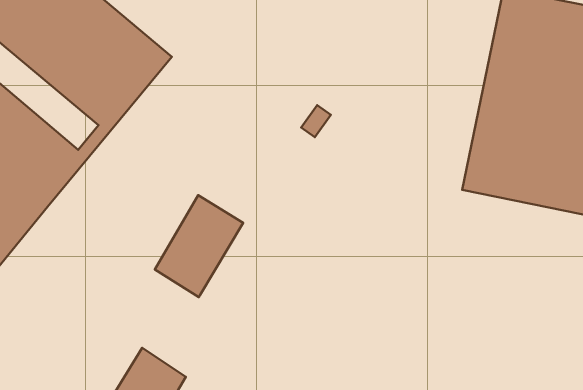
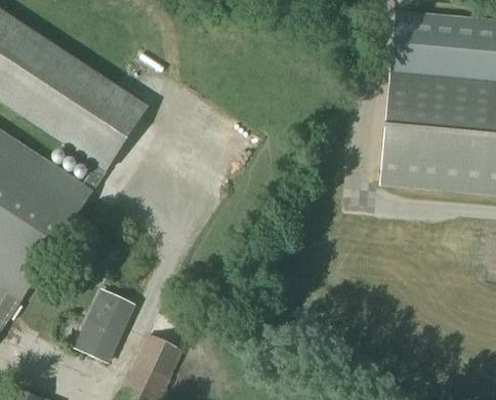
building: [155,195,243,297] -> [73,283,136,361]

